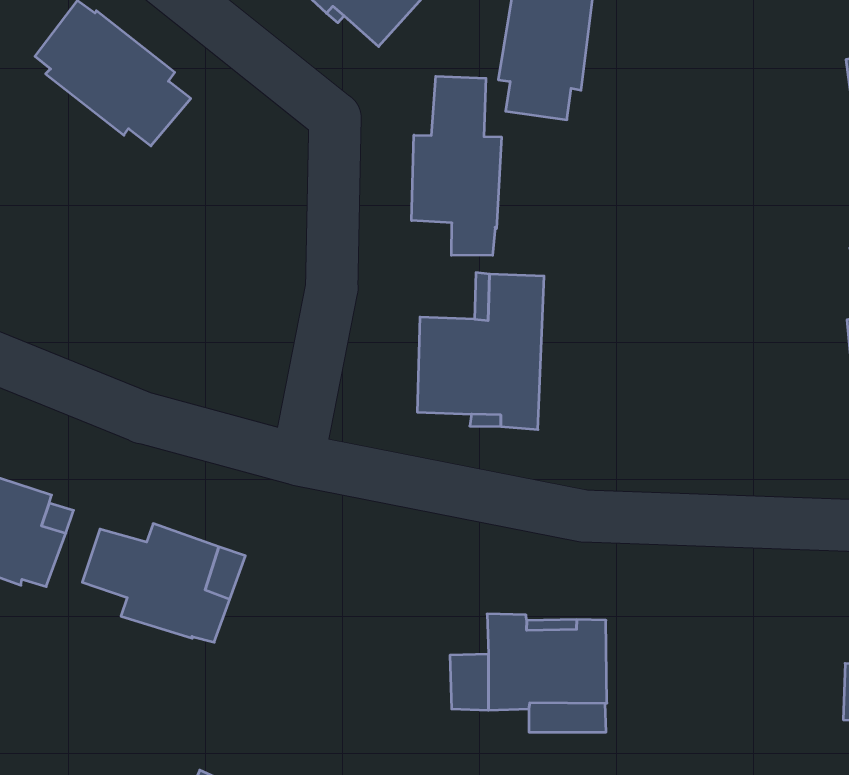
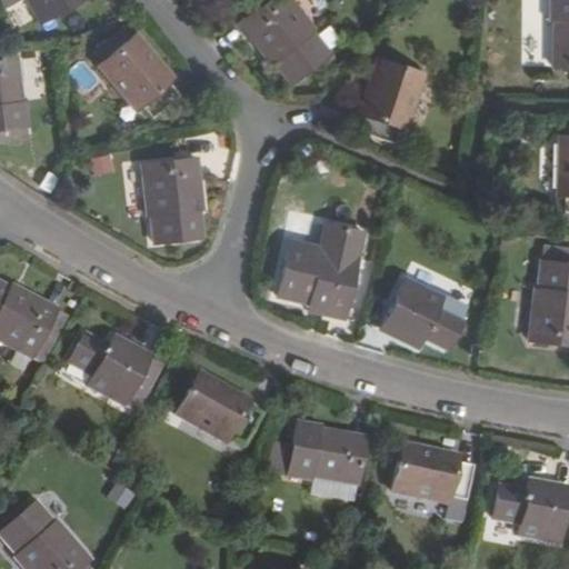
building: [412,76,501,255] -> none
building: none -> [142,158,201,243]
building: none -> [380,277,463,349]
building: none -> [177,372,262,445]
building: none -> [392,442,475,501]

